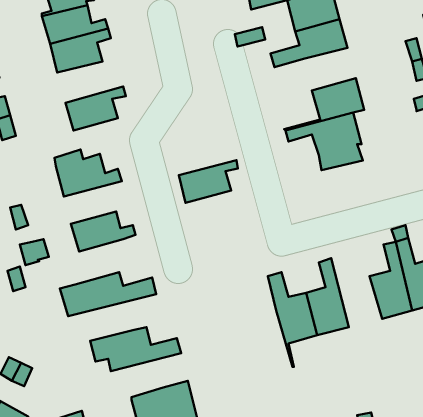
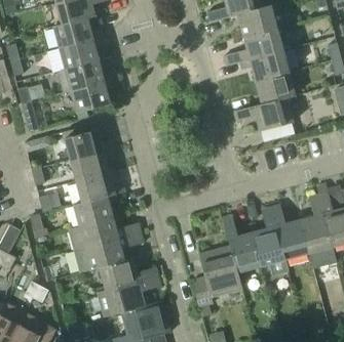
building: none -> [250,50,289,82]
building: none -> [60,60,115,93]
building: [179,160,238,203] -> [71,149,115,181]
building: none -> [73,193,117,226]
building: none -> [270,205,308,258]
building: none -> [74,233,142,271]
building: none -> [191,246,241,315]
building: none -> [98,277,160,316]

